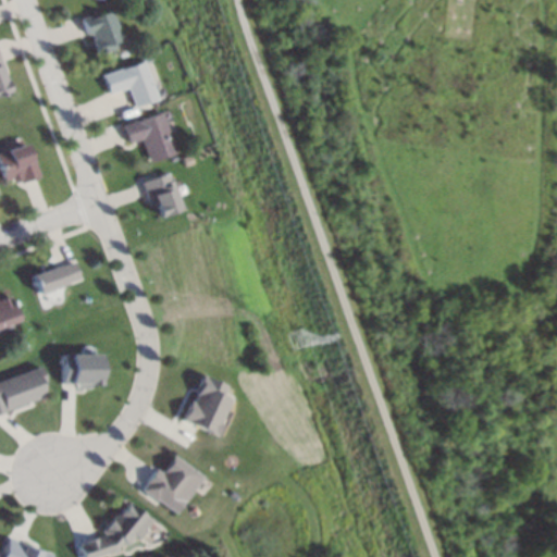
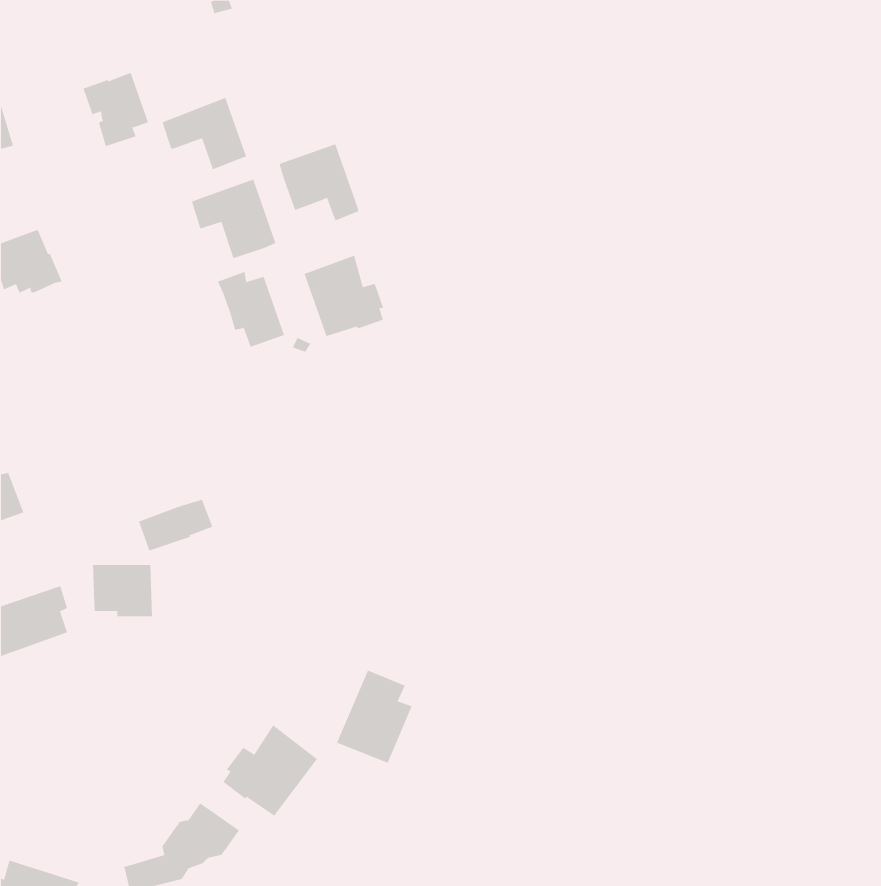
building: [85,10,126,57] -> [83,72,149,147]
building: none -> [279,143,359,221]
building: none -> [304,255,384,337]
building: [35,262,82,295] -> [138,499,213,551]
building: [183,376,231,435] -> [336,670,413,764]

